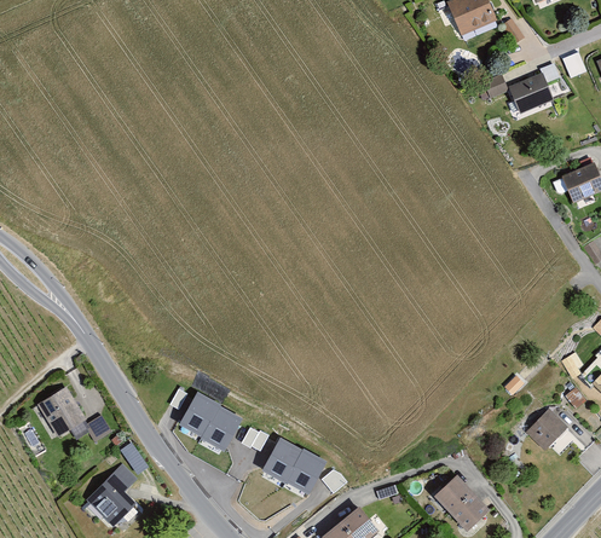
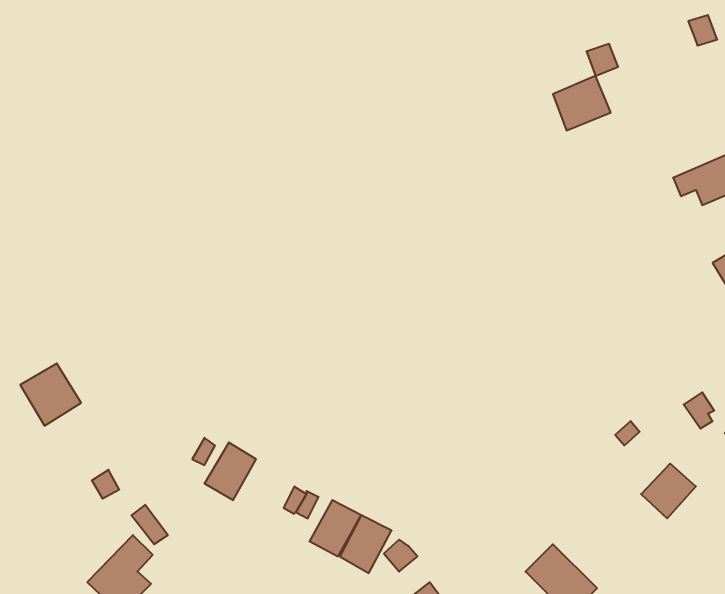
building: [509,70,555,114] -> [553,76,611,131]
building: [37,388,86,438] -> [20,363,81,426]
building: [202,406,243,452] -> none

